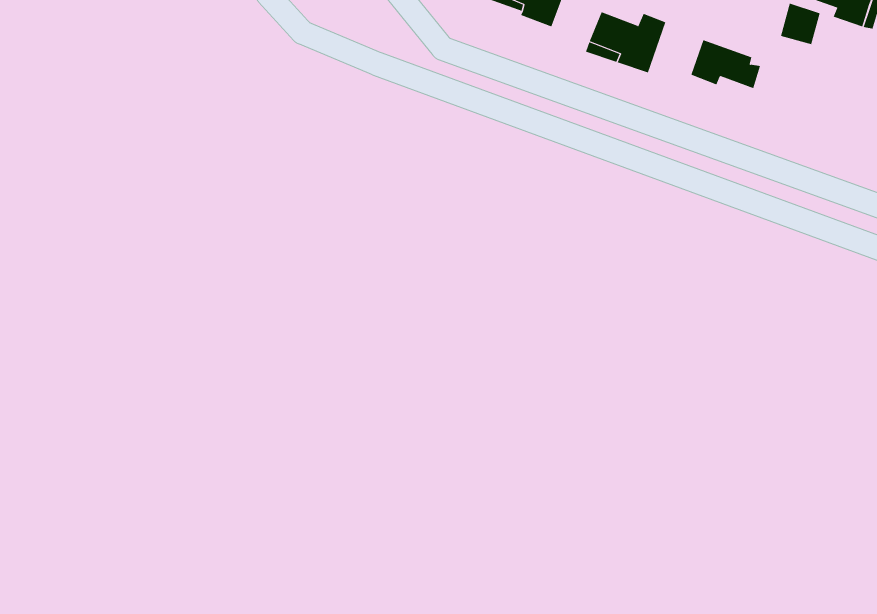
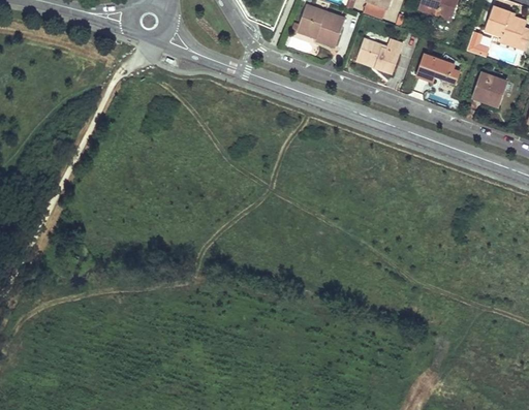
building: none -> [472,73,505,105]

